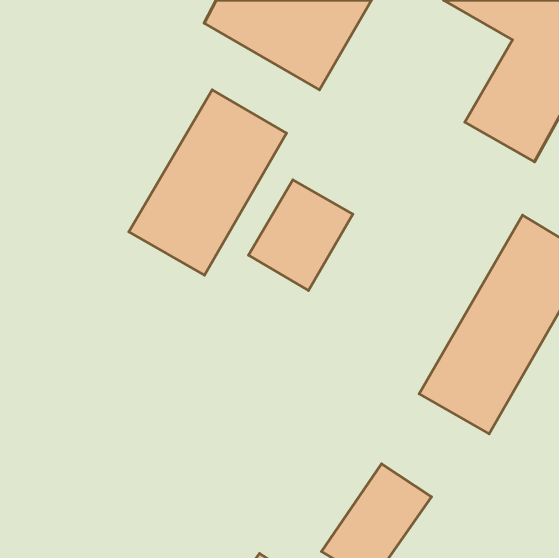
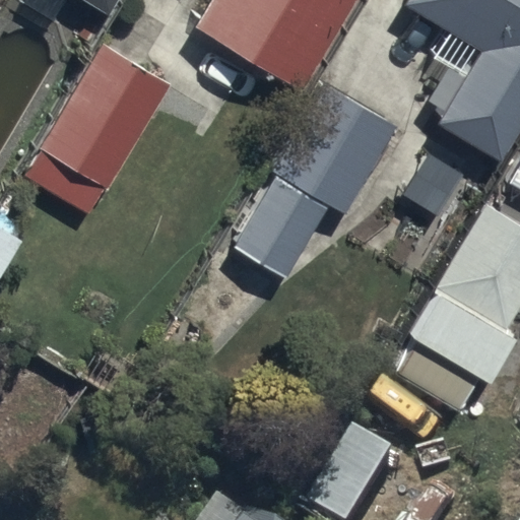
building: none -> [275,81,399,214]
building: [129,90,286,275] -> [26,40,171,209]

